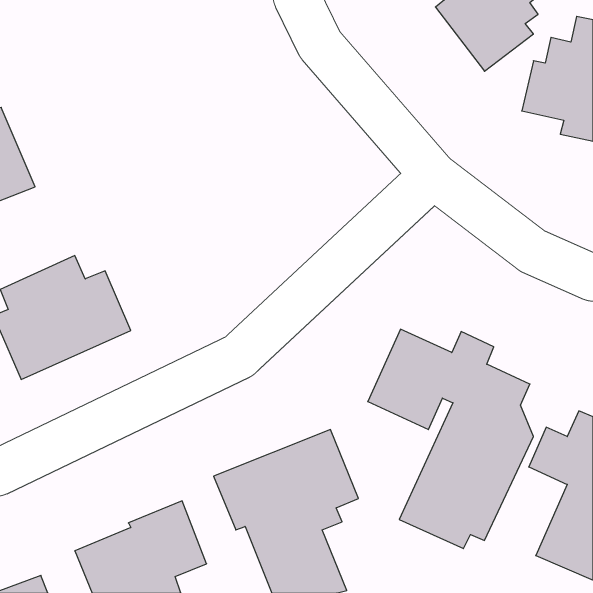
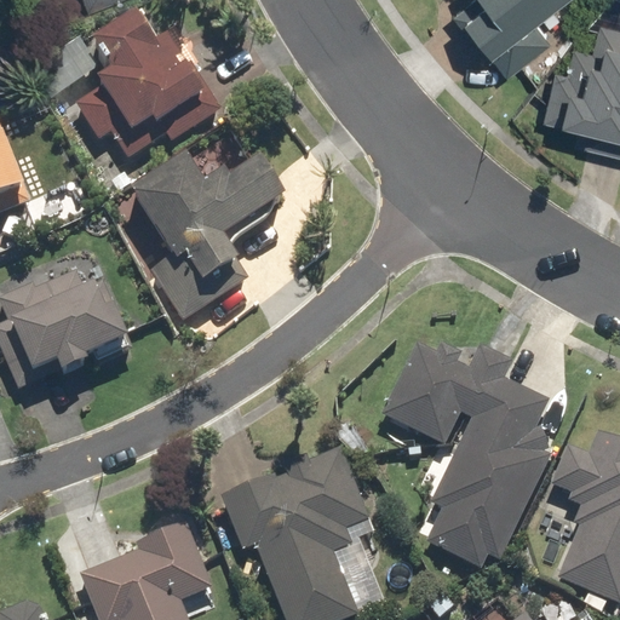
building: none -> [74,8,218,165]
building: none -> [136,156,297,322]

